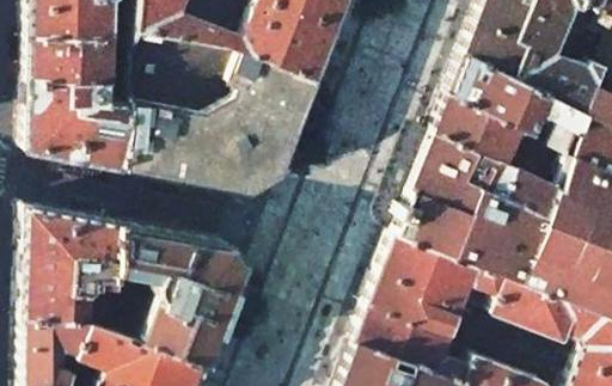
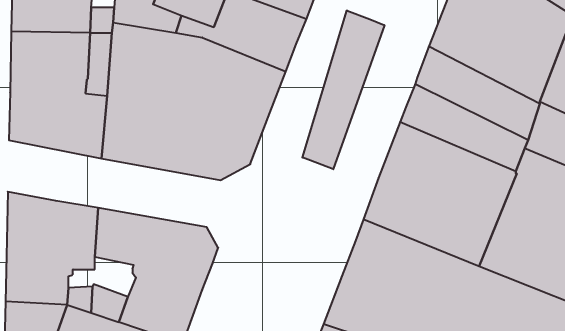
building: none -> [302,10,384,169]

